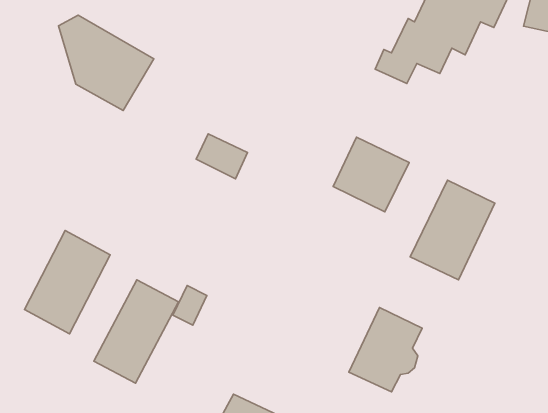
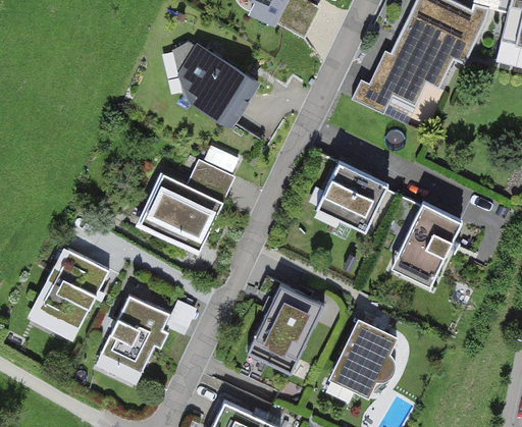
building: [58,15,154,111] -> [170,40,259,128]
building: none -> [141,173,225,248]
building: none -> [248,284,323,373]

